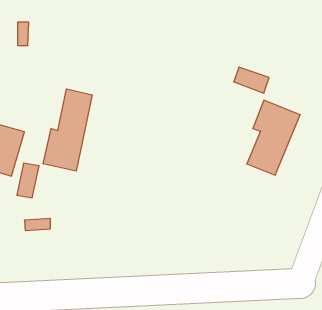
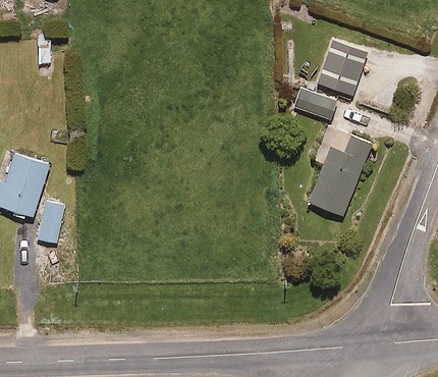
building: none -> [318,41,368,95]
building: [43,89,92,171] -> none

